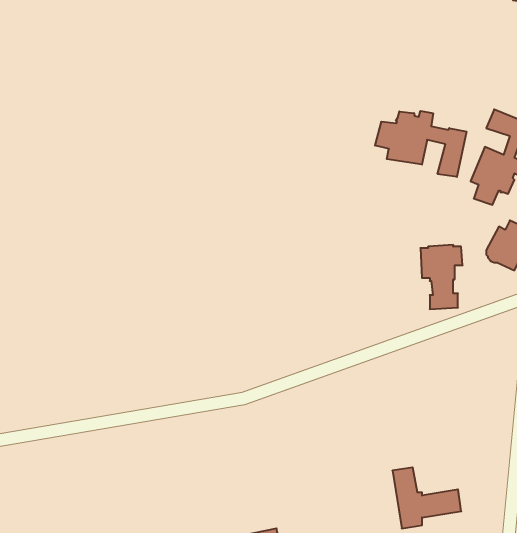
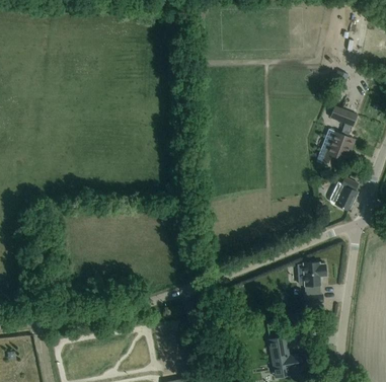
building: [375,111,466,177] -> none
building: [420,245,463,309] -> [298,262,325,304]

